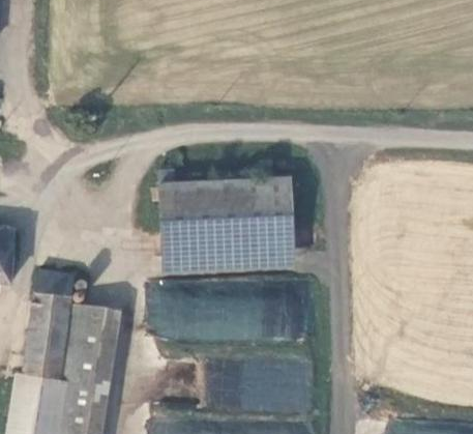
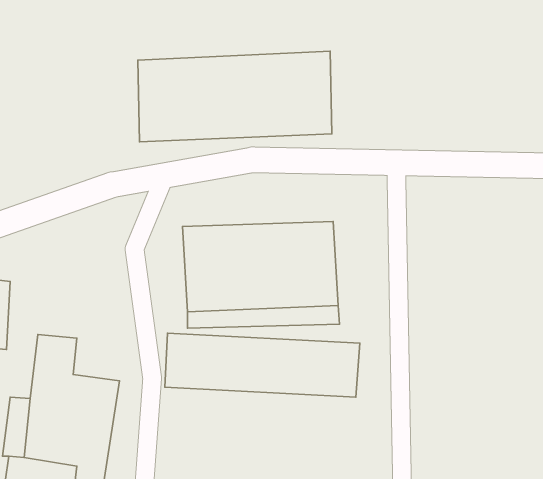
building: none -> [138,51,332,142]

